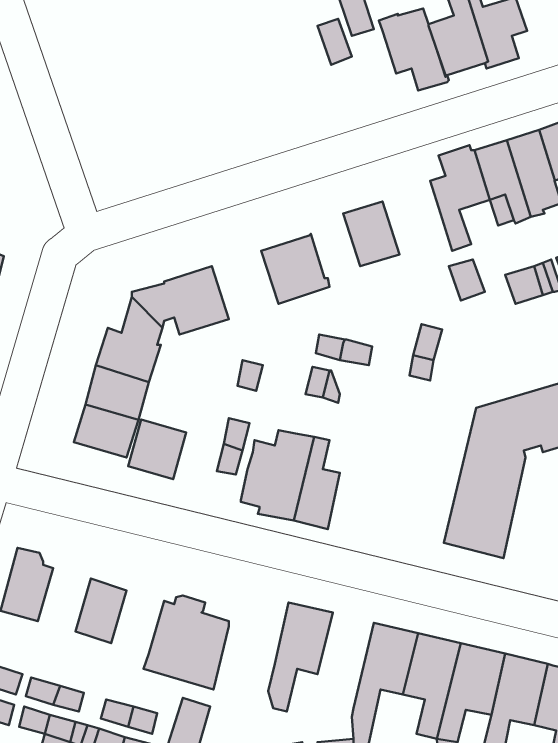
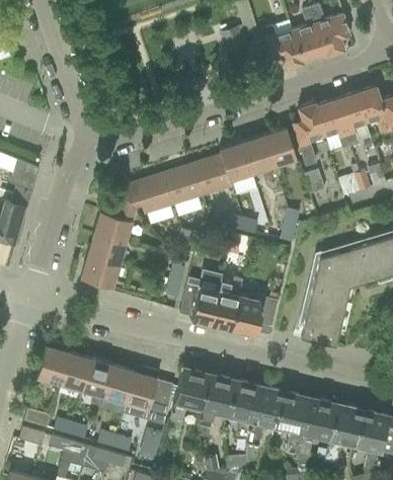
building: none -> [263,128,296,166]
building: none -> [218,142,250,180]
building: none -> [162,164,202,205]
building: [128,419,186,479] -> none
building: none -> [231,296,277,335]
building: none -> [59,352,90,390]
building: none -> [102,366,134,403]
building: none -> [169,367,208,429]
building: none -> [225,379,258,435]

